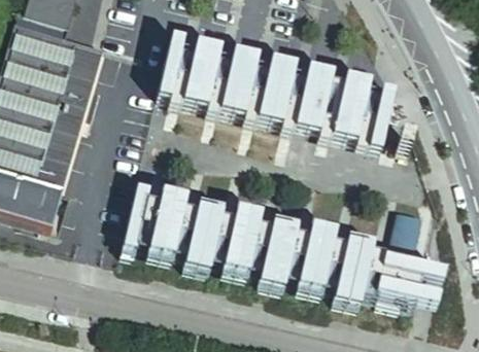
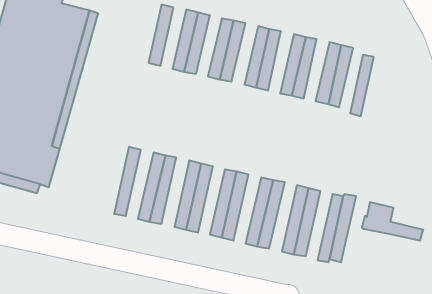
building: [377,267,441,306] -> none

